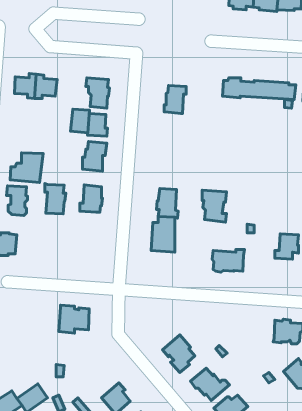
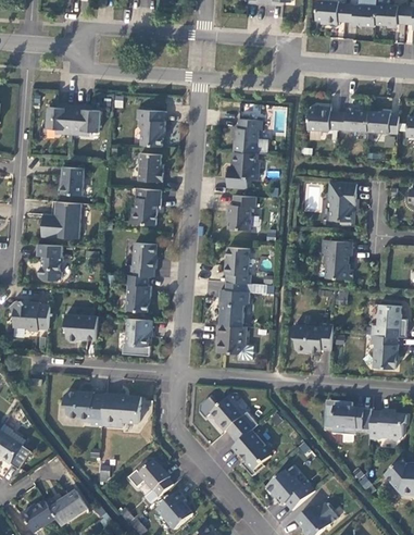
building: [70,109,90,133] -> [60,166,84,196]
building: none -> [227,151,259,188]
building: none -> [329,182,357,224]
building: none -> [227,195,256,229]
building: [45,183,66,214] -> [125,274,151,312]
building: [202,190,226,222] -> [323,239,353,279]
building: none -> [65,314,98,343]
building: none -> [126,319,152,347]
building: none -> [216,324,247,353]
building: none -> [371,334,398,369]
building: none -> [64,391,104,425]
building: none -> [211,398,249,437]
building: none -> [324,401,372,436]
building: none -> [127,458,173,501]

